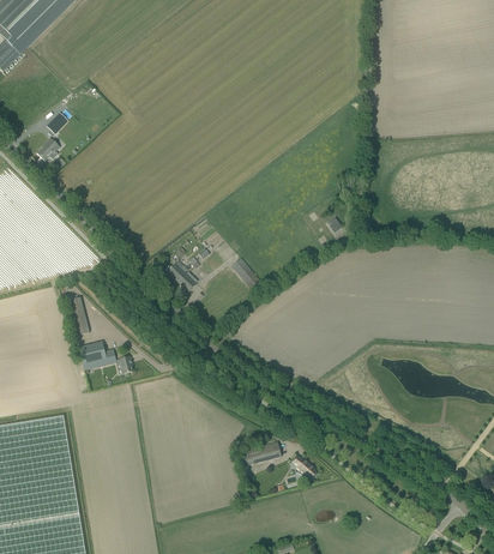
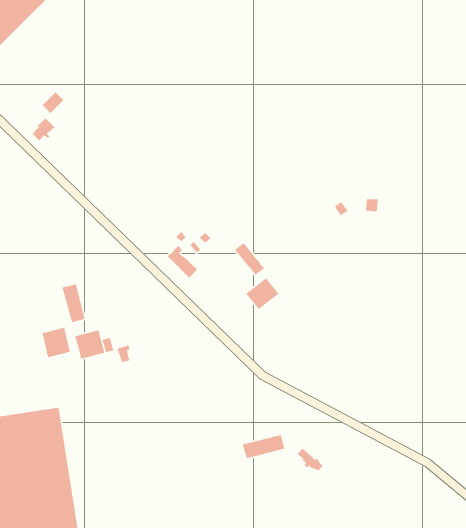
building: none -> [245,277,280,310]
building: none -> [41,327,71,358]

